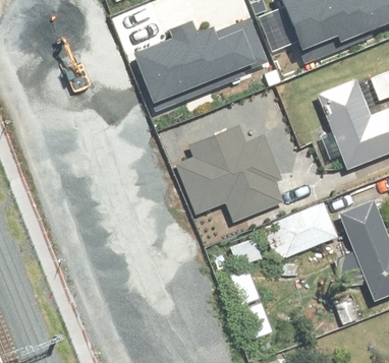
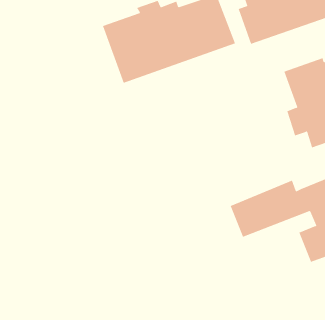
building: [177,125,281,222] -> none

